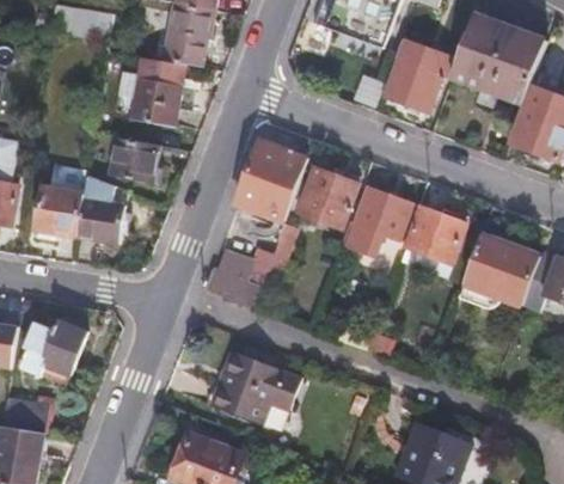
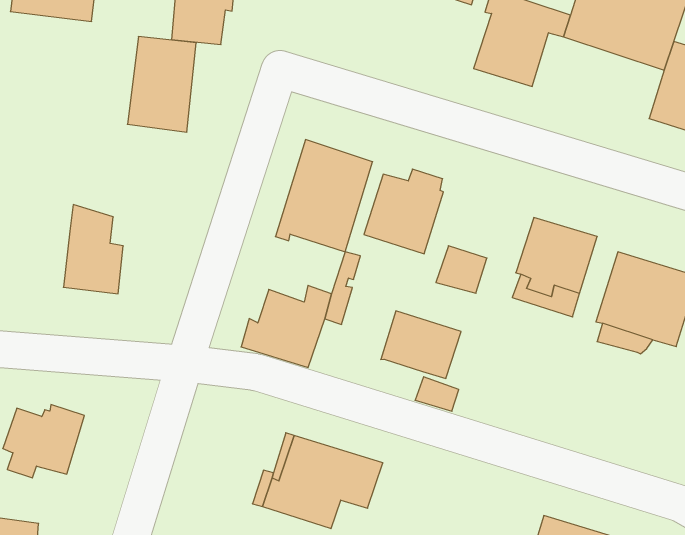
building: [110,139,158,184] -> none
building: [35,188,82,235] -> none
building: [355,188,415,239] -> [381,311,461,378]

